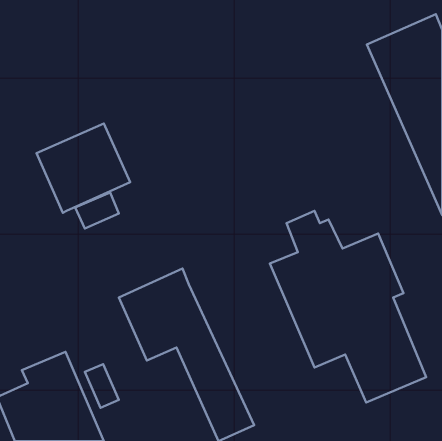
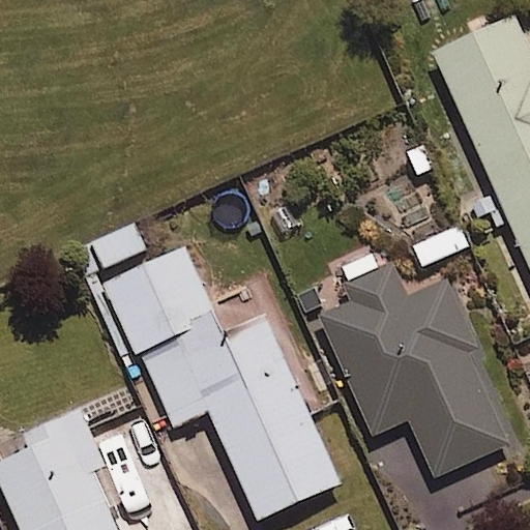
building: [37,123,130,213] -> [106,248,216,354]
building: none -> [224,318,341,503]

